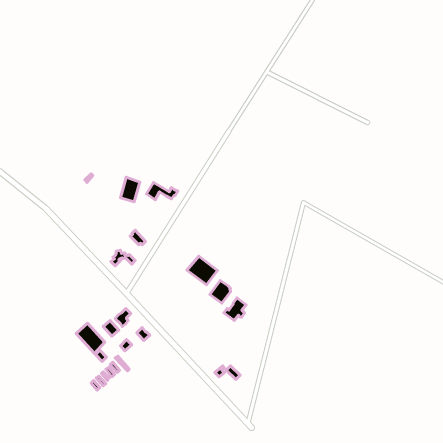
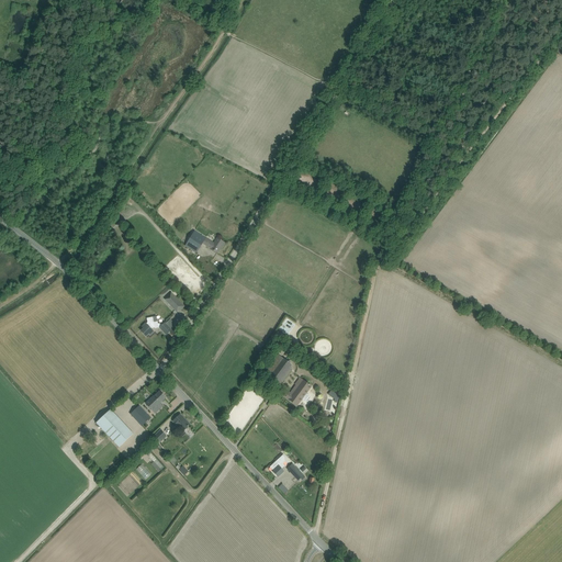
building: [120,177,140,202] -> none
building: [187,256,218,285] -> none

